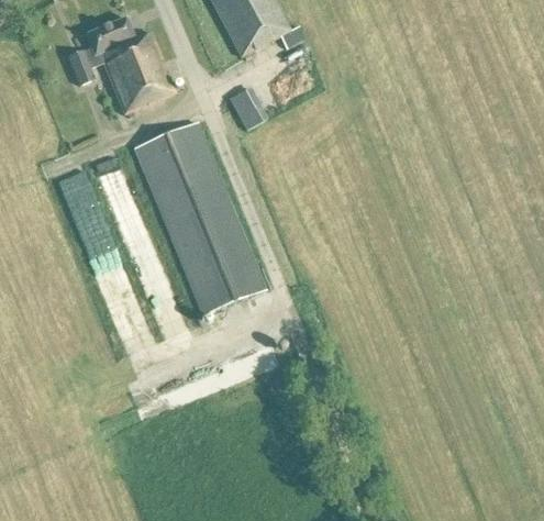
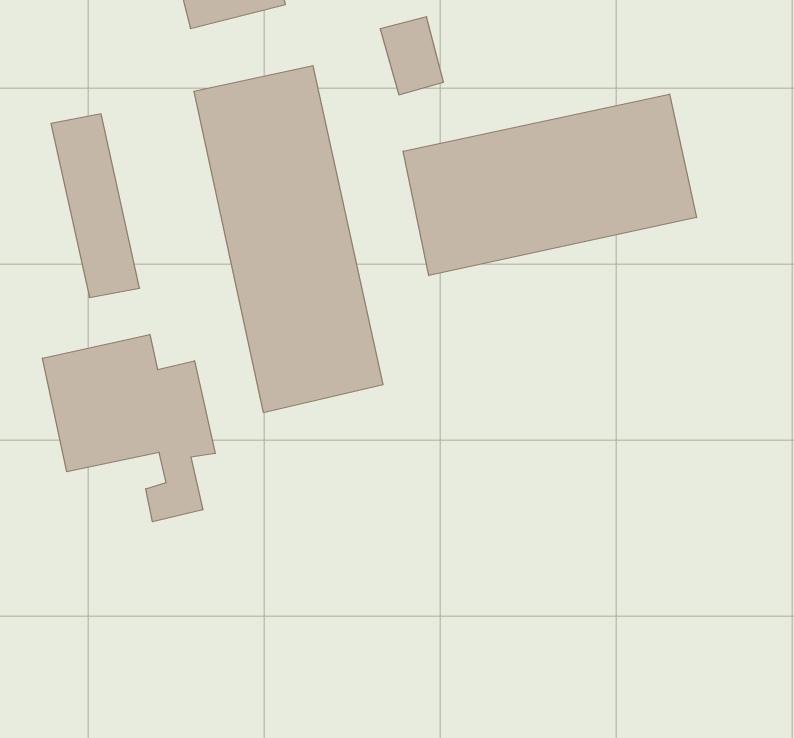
building: none -> [403,94,696,276]
building: none -> [42,334,215,522]

